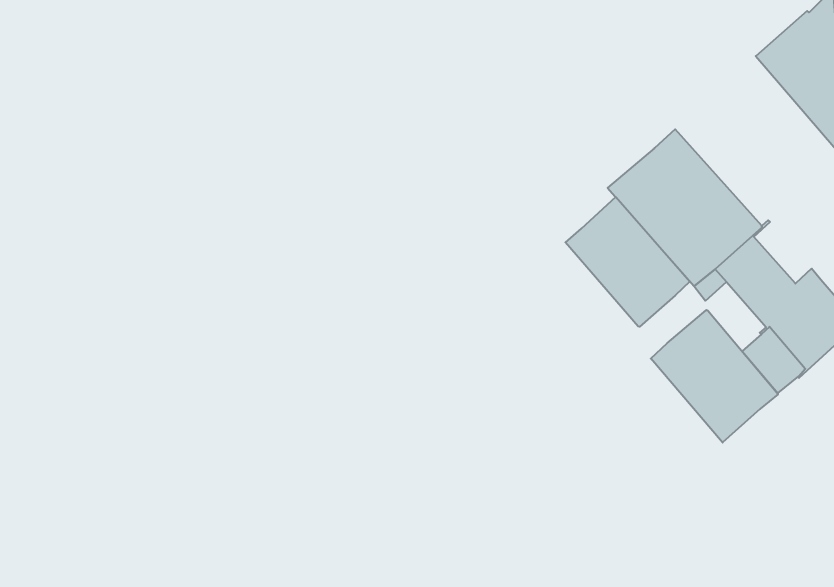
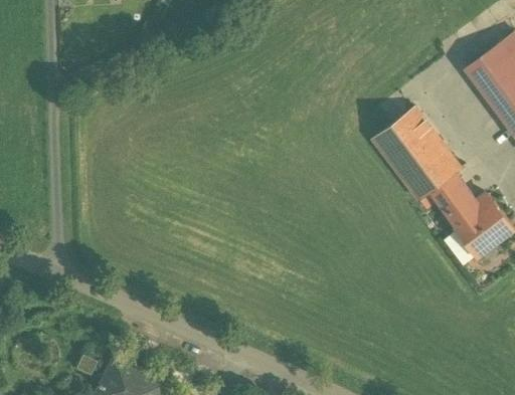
building: [565,197,690,327] -> none
building: [651,310,778,443] -> none

